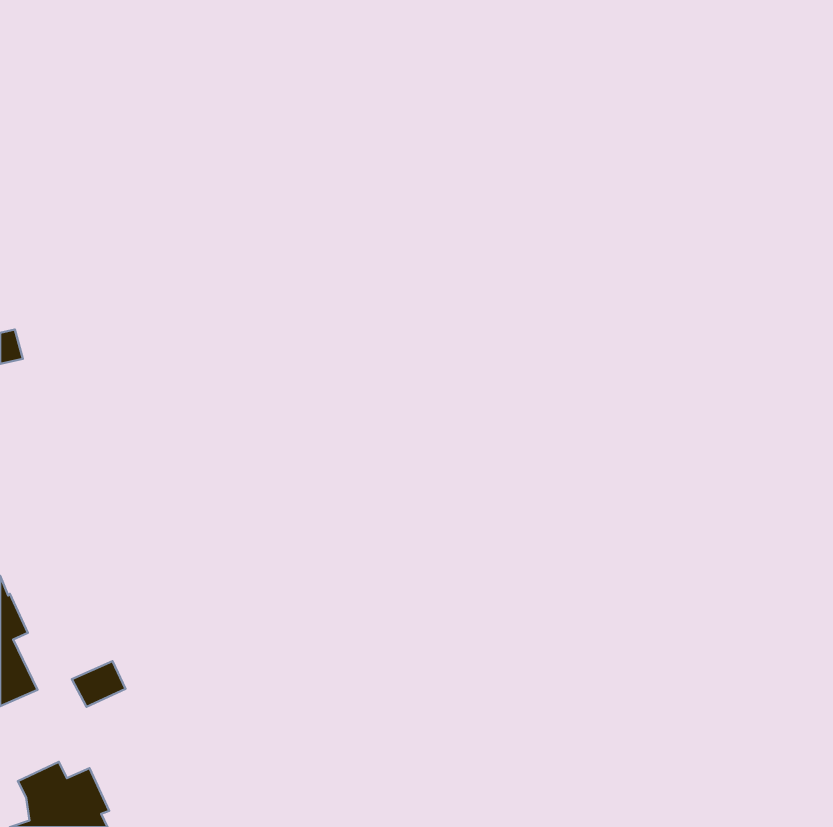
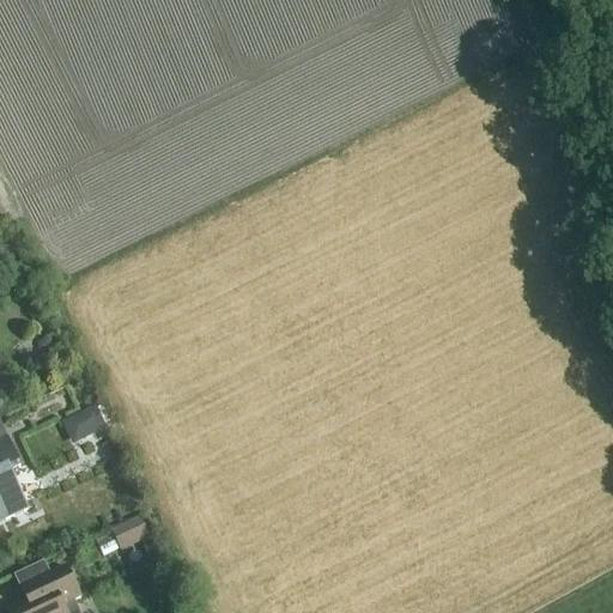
building: none -> [61,403,107,443]
building: [72,661,126,707] -> [110,515,150,548]

